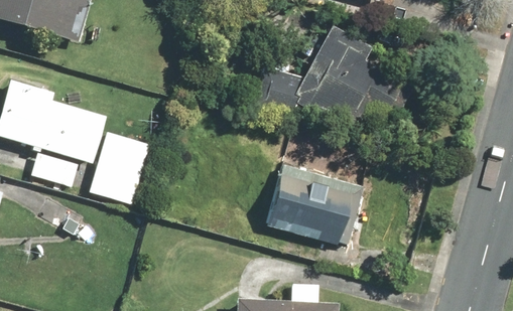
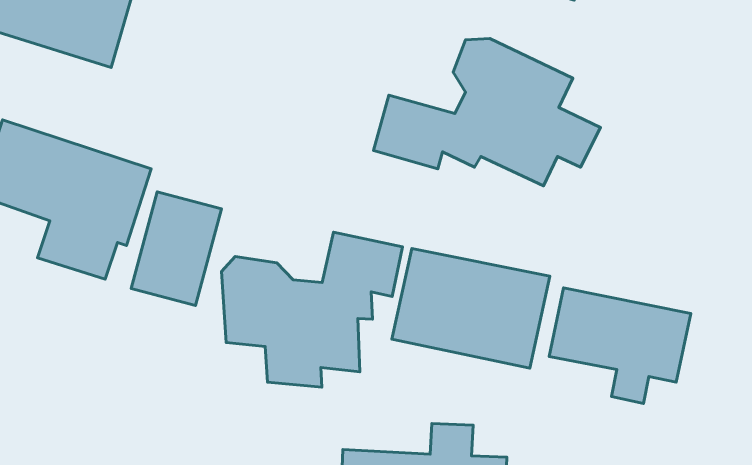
building: none -> [222,232,402,387]
building: none -> [549,288,691,403]

